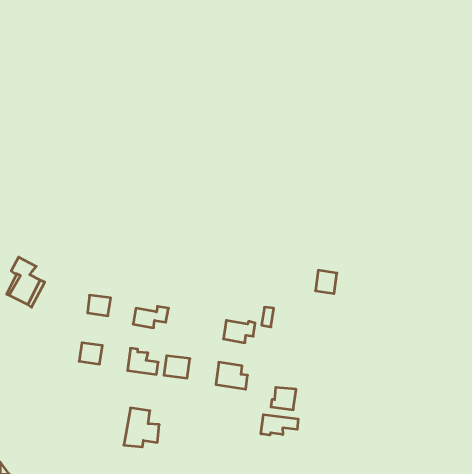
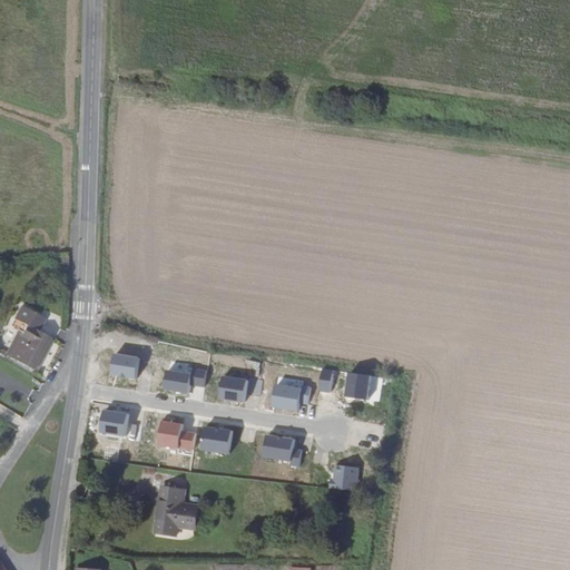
building: [315,270,337,294] -> [344,371,370,399]
building: none -> [218,374,261,401]
building: [261,415,298,435] -> none

